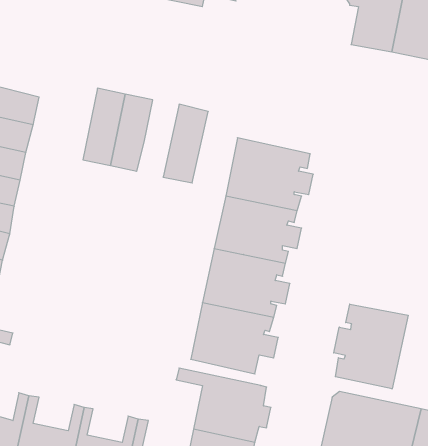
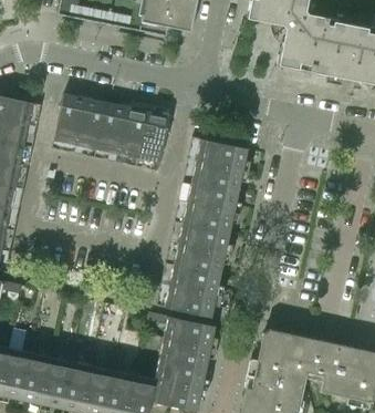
building: none -> [53,94,86,154]
building: none -> [116,109,148,167]
building: [334,304,408,389] -> none

